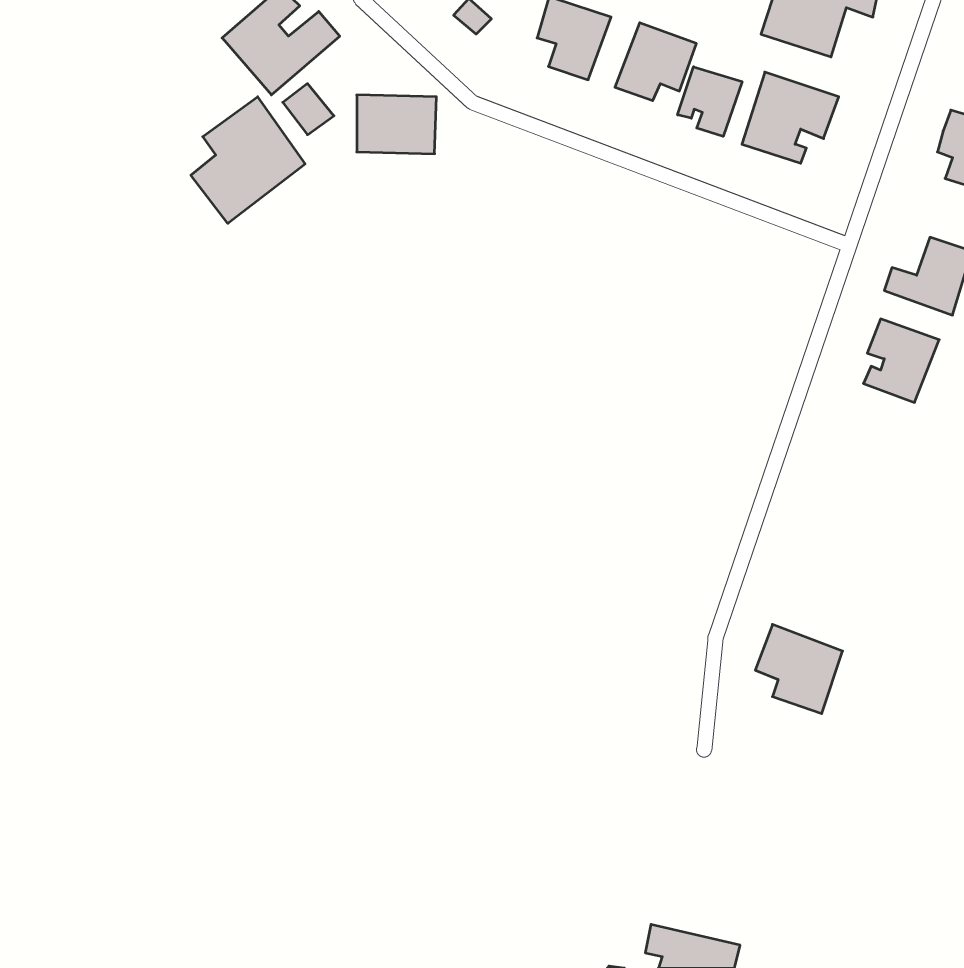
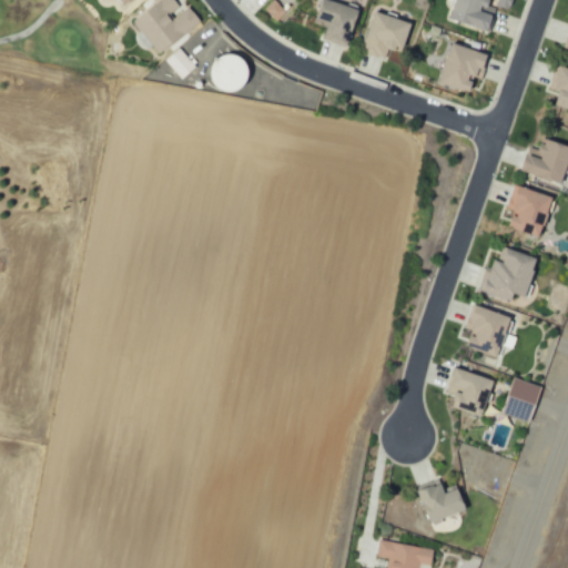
building: [678,67,742,136] -> none
building: [191,97,305,223] -> none
building: none -> [480,250,536,300]
building: none -> [459,301,514,357]
building: none -> [497,376,535,420]
building: none -> [419,481,469,524]

